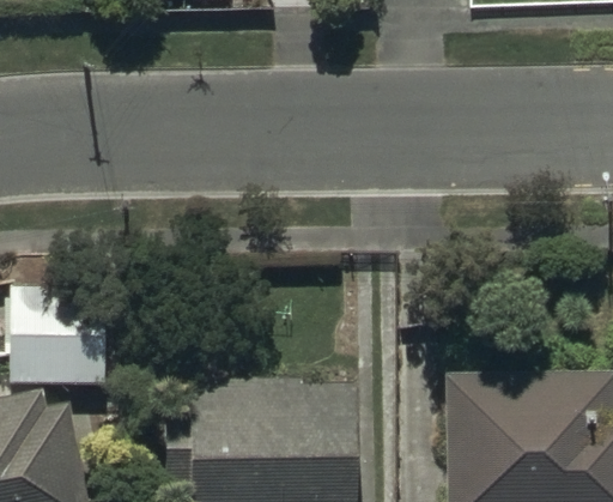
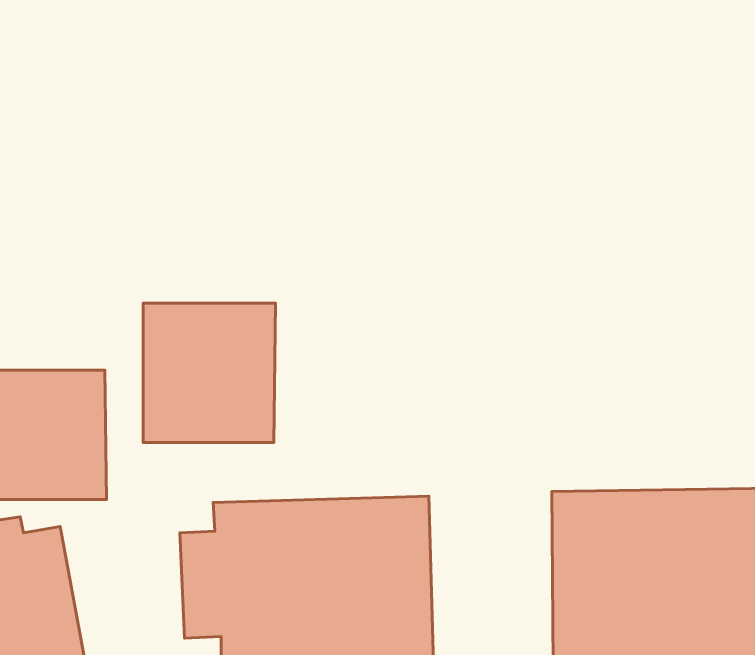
building: none -> [143,303,275,442]

